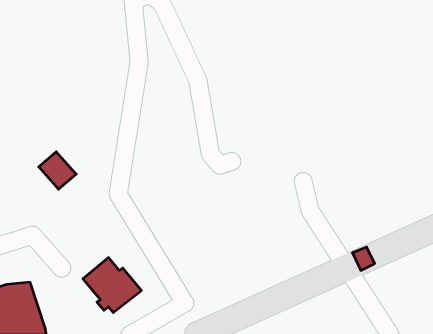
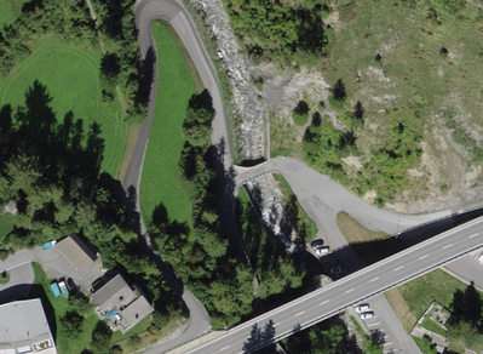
building: [39,152,76,189] -> [57,232,96,270]

